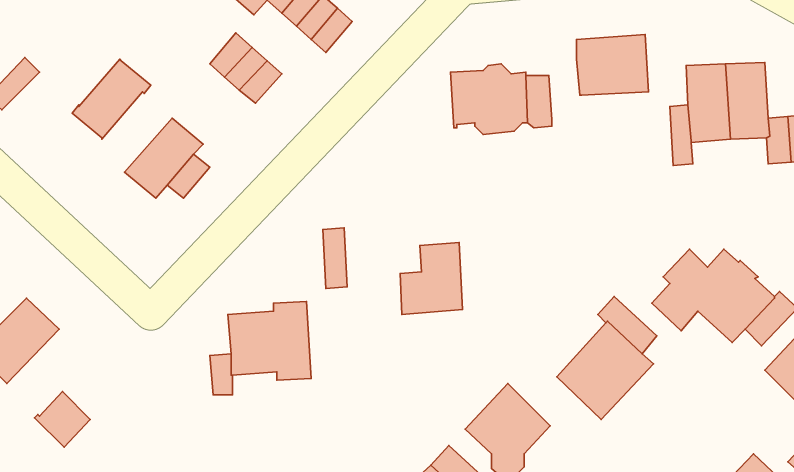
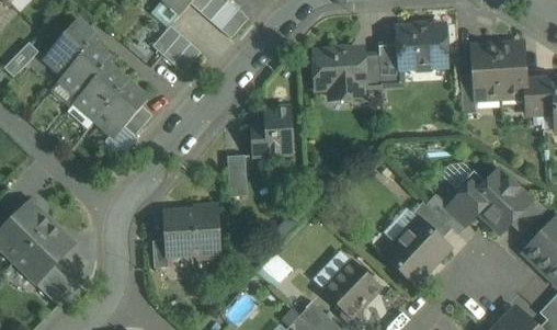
building: none -> [45,21,98,75]
building: none -> [378,43,402,83]
building: none -> [76,65,127,118]
building: [400,242,463,314] -> [251,107,293,156]
building: none -> [16,224,73,282]

